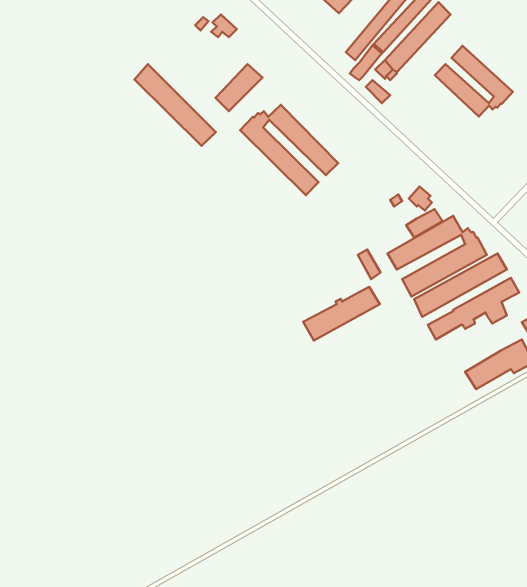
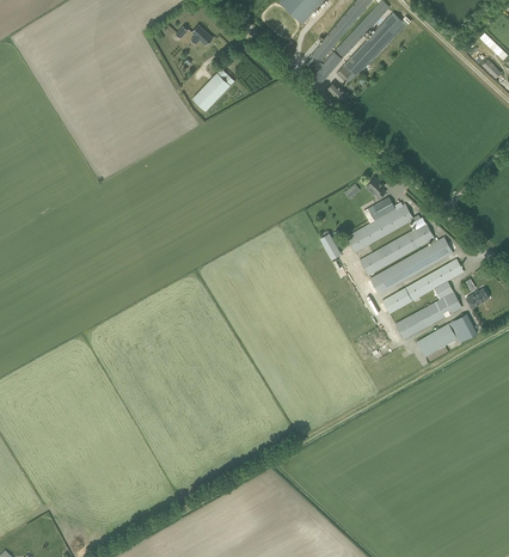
building: [435,46,513,116] -> none
building: [135,64,216,146] -> none
building: [240,105,338,195] -> none
building: [303,287,380,341] -> [394,292,462,339]

